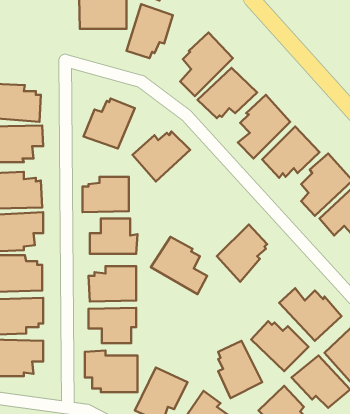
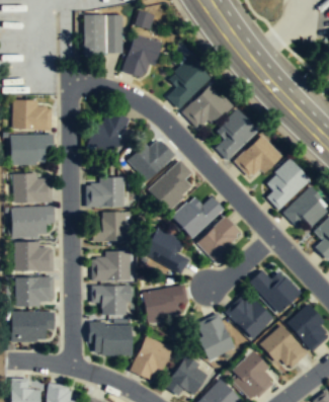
building: none -> [149,159,192,212]
building: none -> [172,196,224,238]
building: none -> [142,285,188,322]

